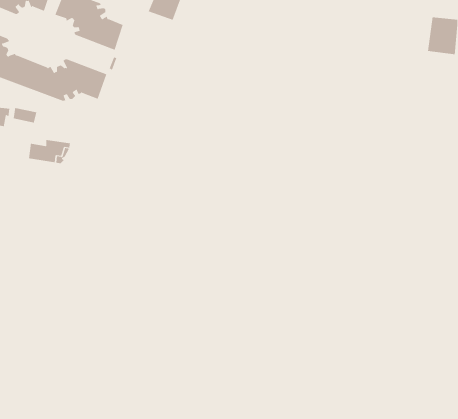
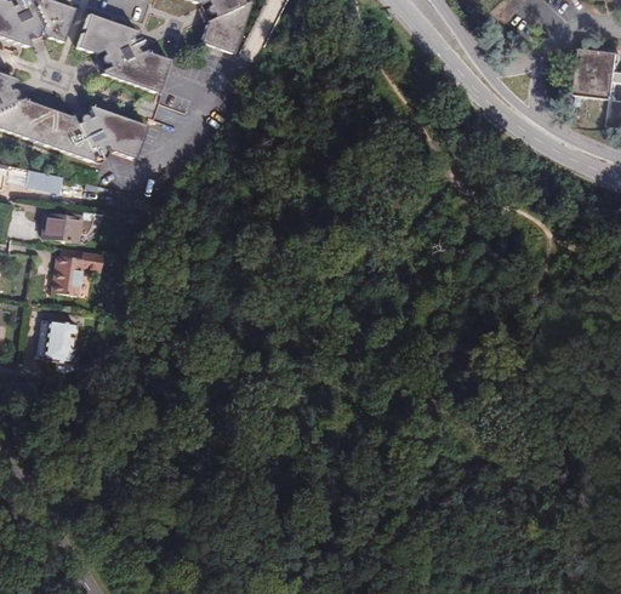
building: none -> [53,252,104,297]
building: none -> [41,319,74,361]

